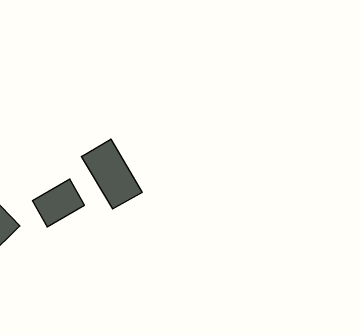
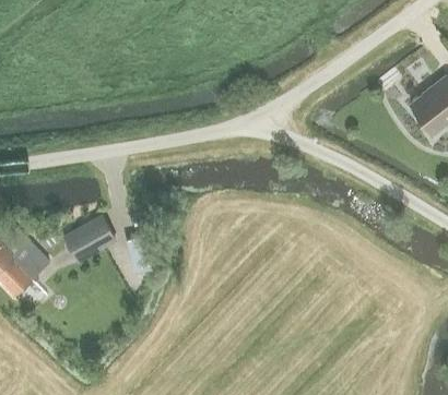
building: [81,139,142,209] -> none

